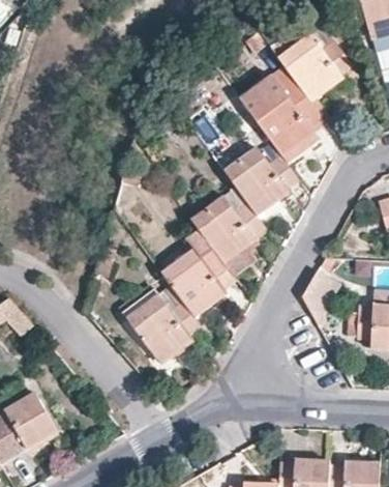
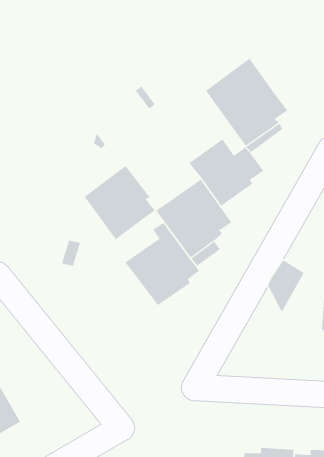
building: [270,24,351,103] -> none
building: none -> [84,165,155,240]
building: [125,285,200,362] -> none

